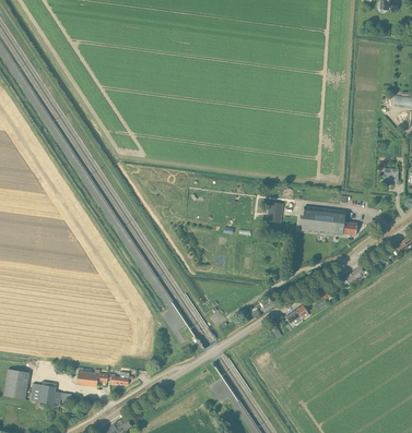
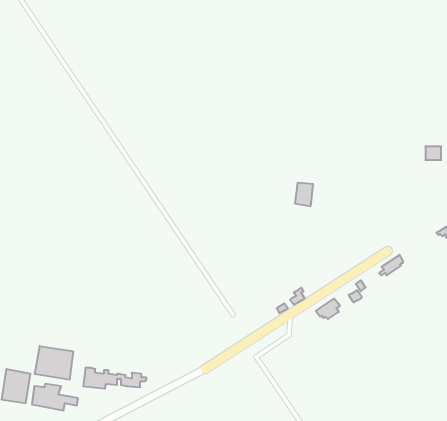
building: [302,206,356,236] -> none
building: none -> [35,346,73,380]

